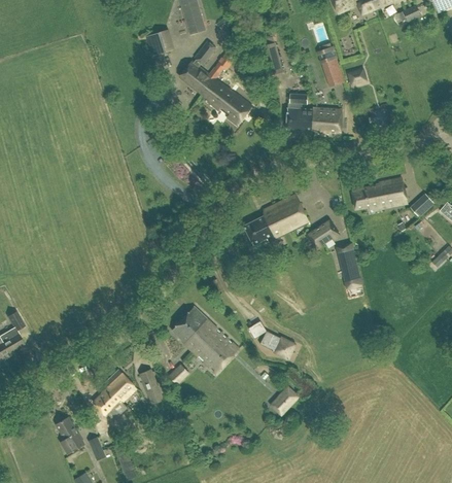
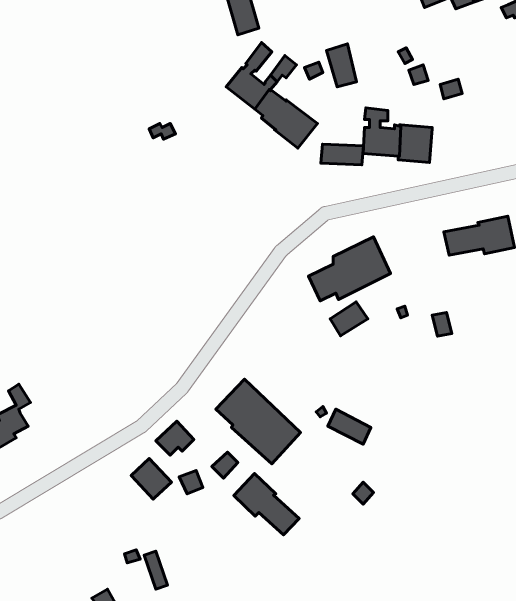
building: [145,29,174,56] -> none
building: none -> [321,144,363,165]
building: [308,220,338,247] -> [330,302,368,336]
building: none -> [234,473,299,535]
building: [92,386,121,413] -> [156,421,194,455]
building: [56,416,82,453] -> none

